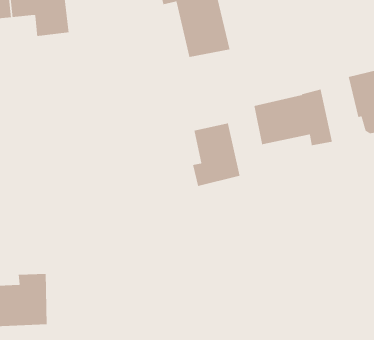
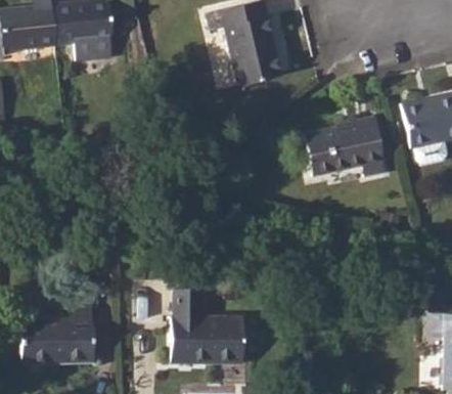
building: [192,123,241,187] -> none
building: none -> [171,287,242,363]

